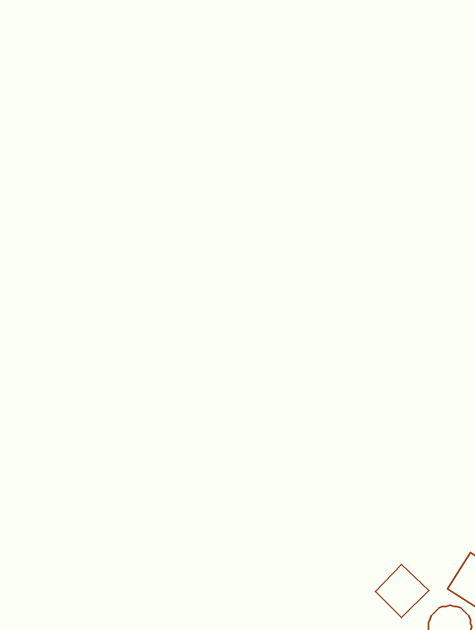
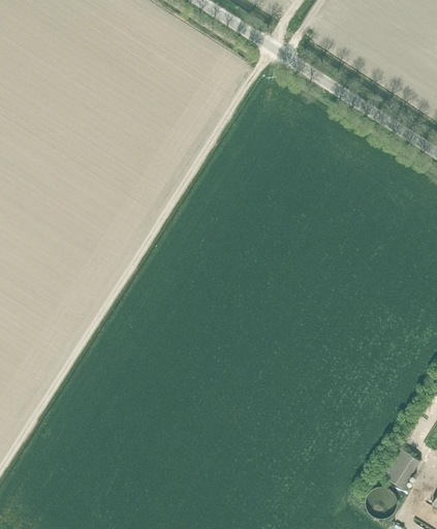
building: [375,565,429,617] -> none

